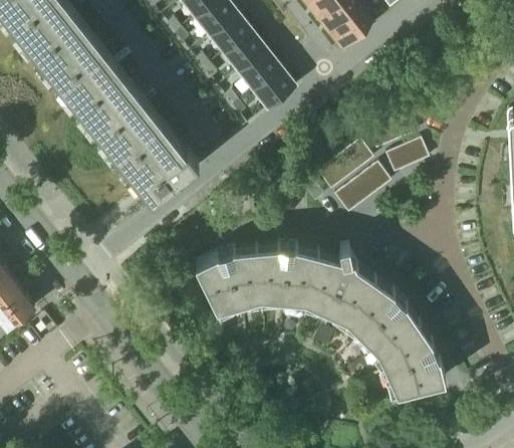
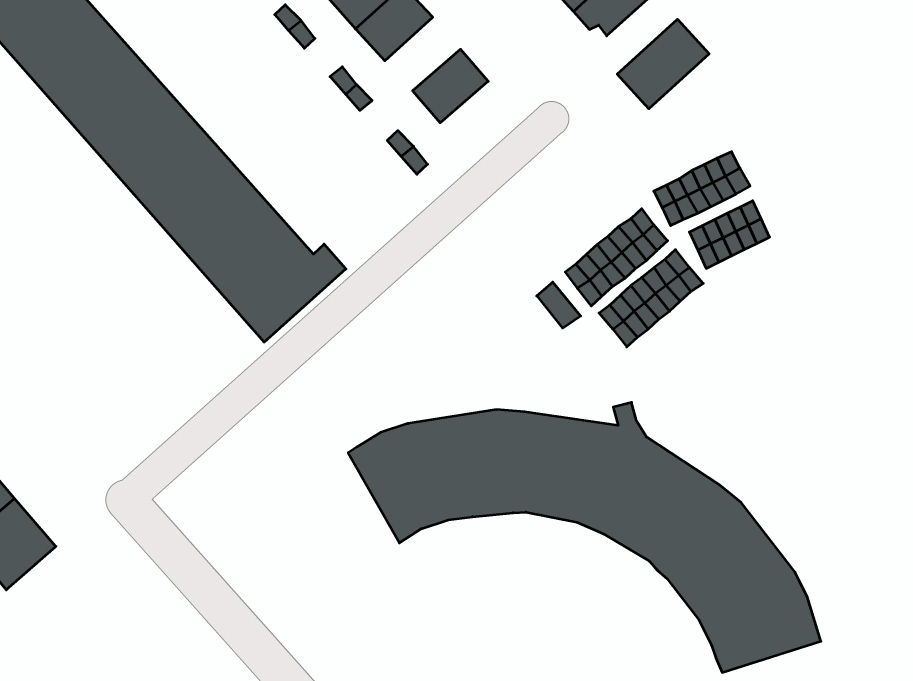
building: [226,33,267,72] -> none
building: none -> [617,19,709,109]
building: [254,69,296,109] -> none

